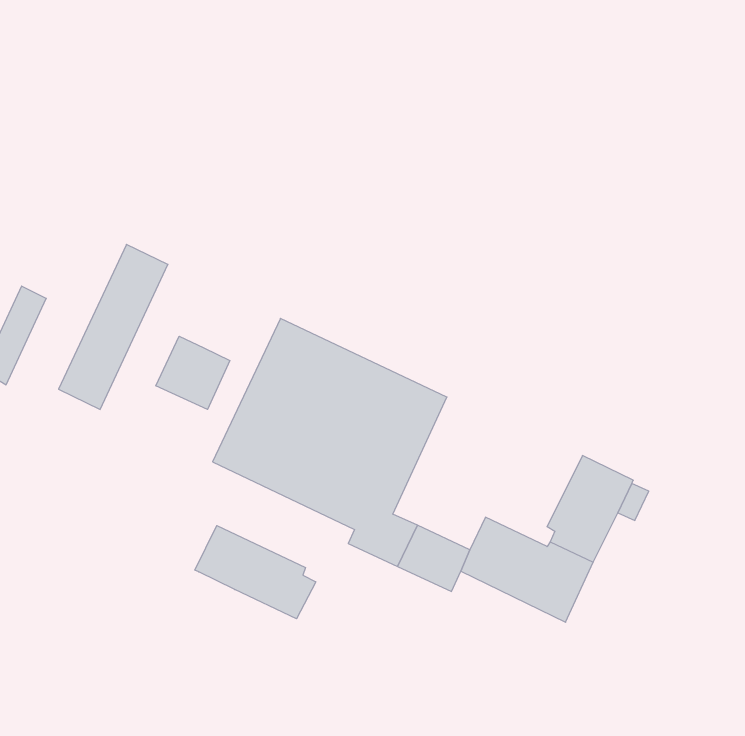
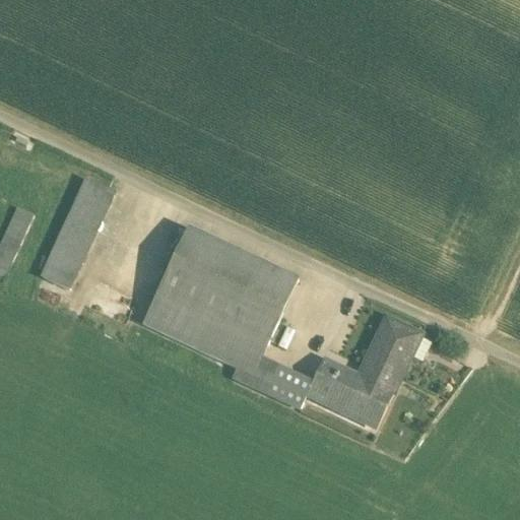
building: [156,336,230,409] -> none
building: [195,526,316,619] -> none

